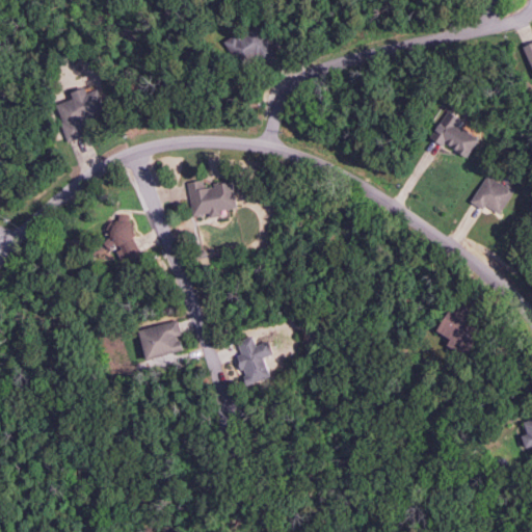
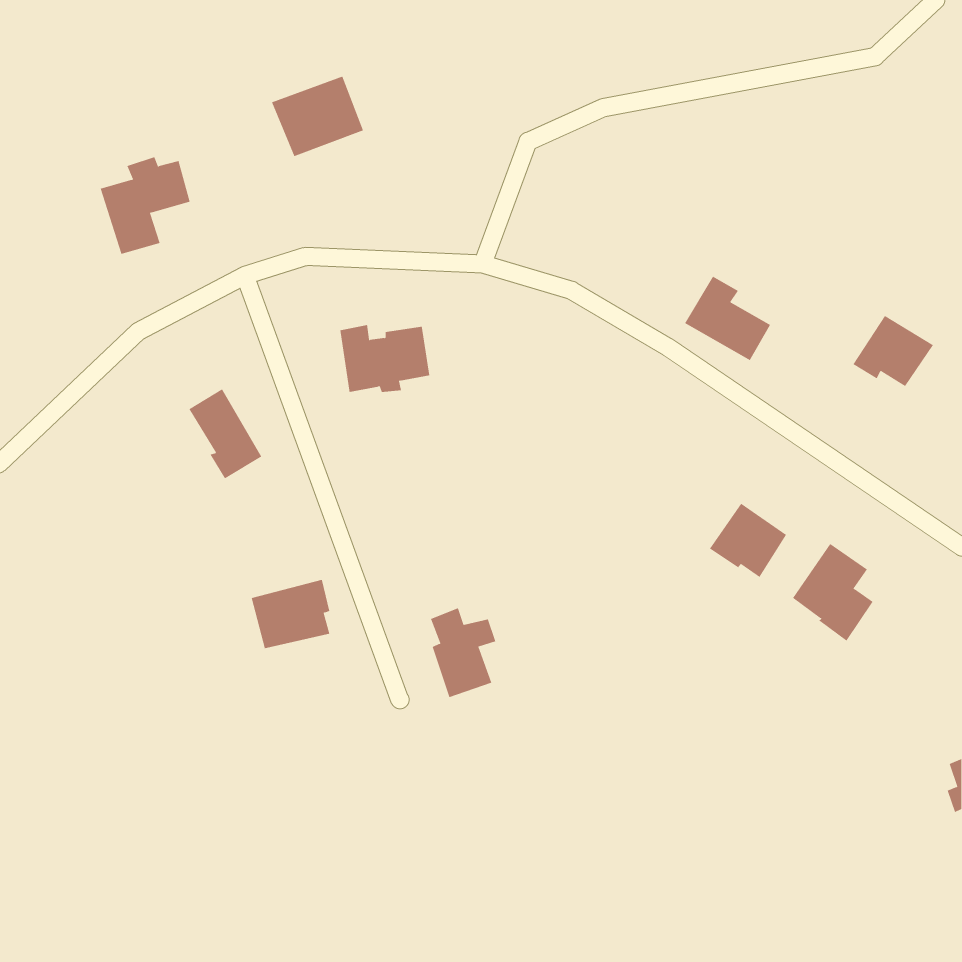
building: [222,26,273,71] -> [271,76,364,157]
building: [431,111,479,158] -> [684,276,771,361]
building: none -> [709,503,787,578]

